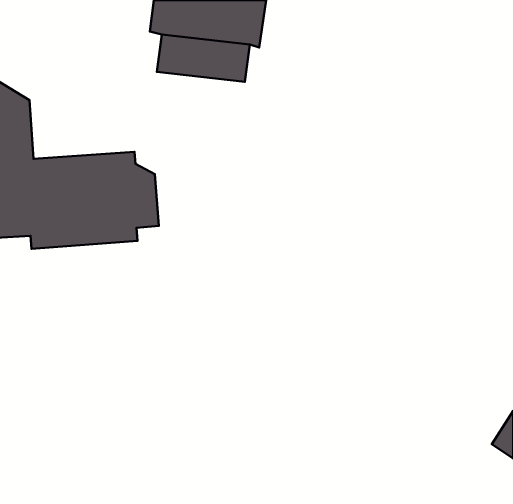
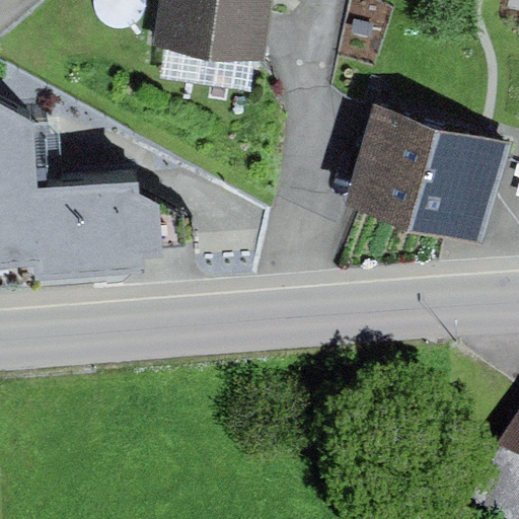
building: none -> [342,104,508,242]

